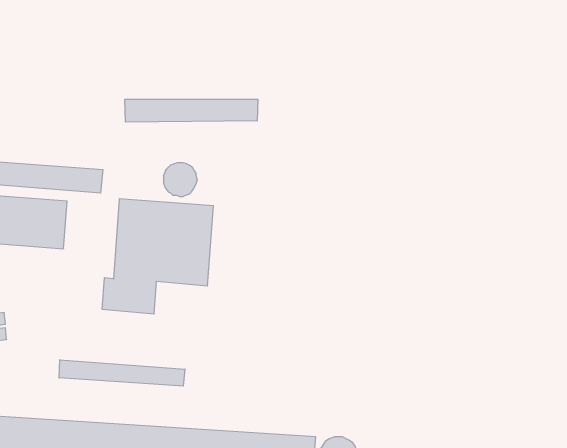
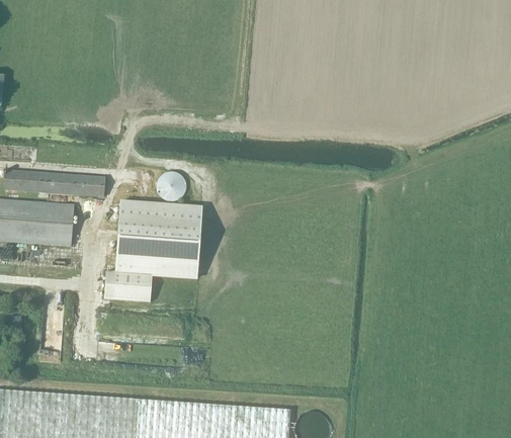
building: [125,99,258,122] -> none
building: [59,360,185,386] -> none

